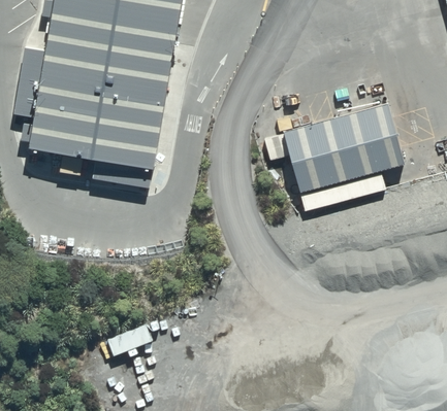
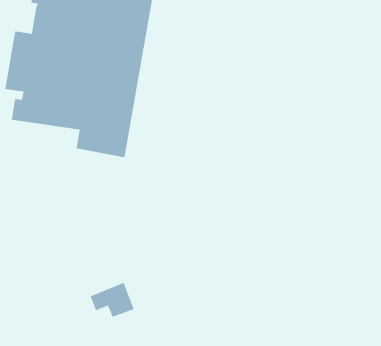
building: [267,100,406,210] -> none

